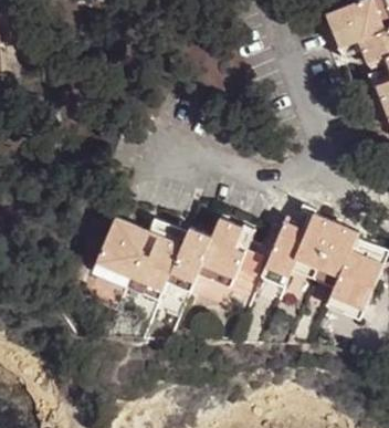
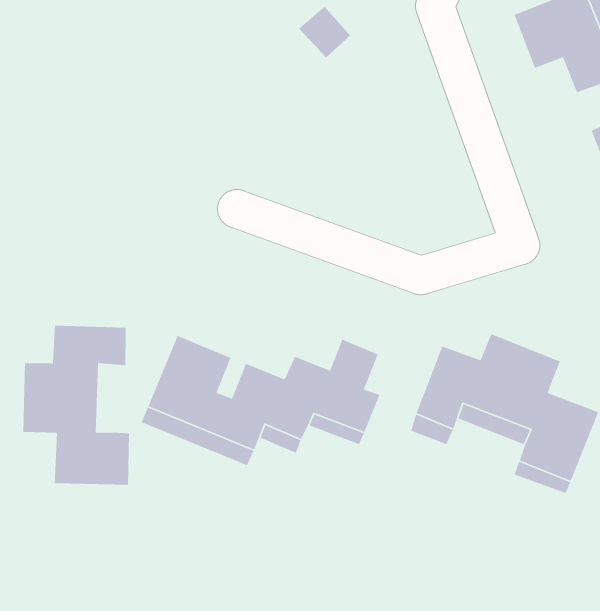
building: none -> [23,325,130,486]

